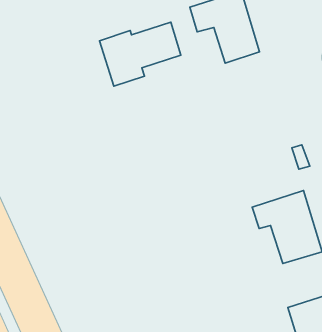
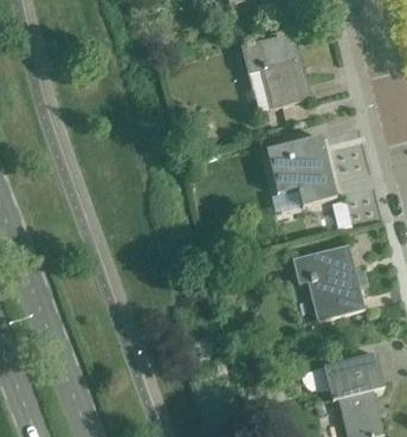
building: [100,22,181,86] -> none
building: none -> [265,136,335,205]

